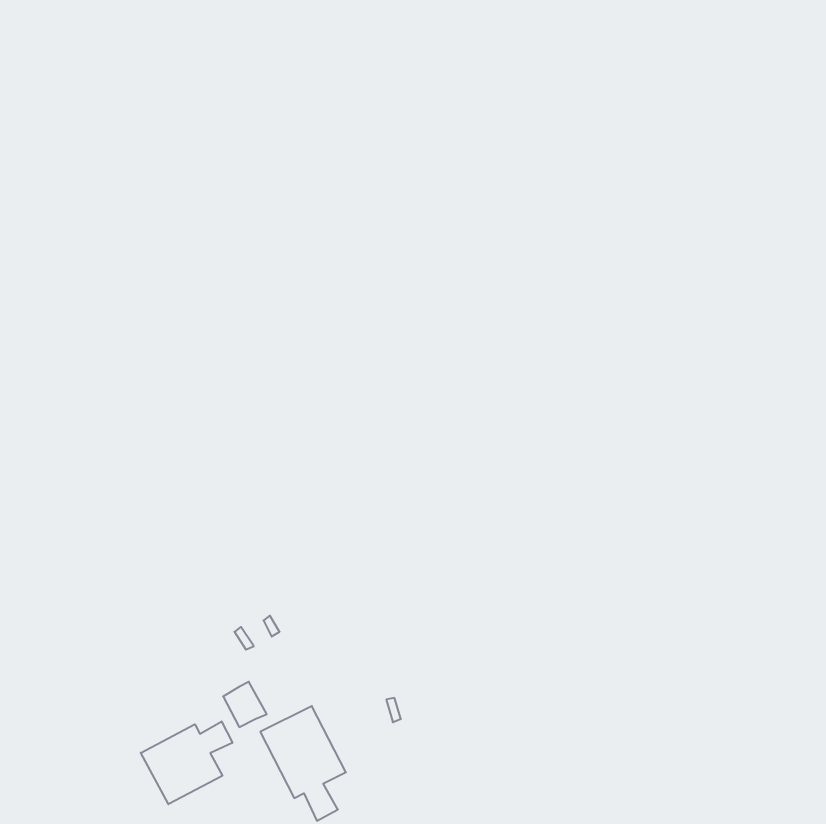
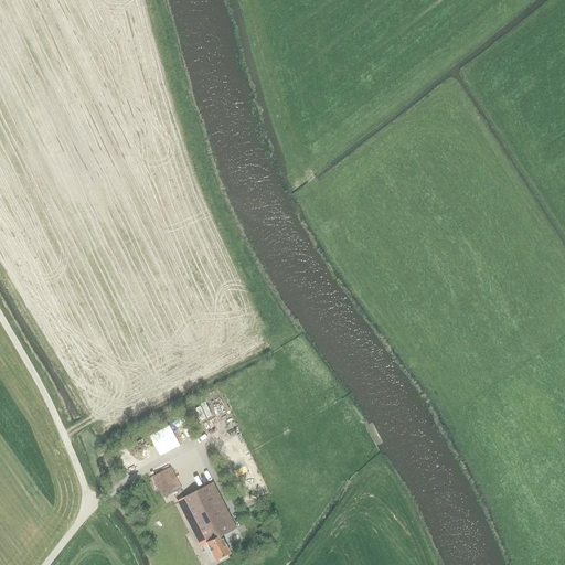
building: [141,721,232,804] -> none

